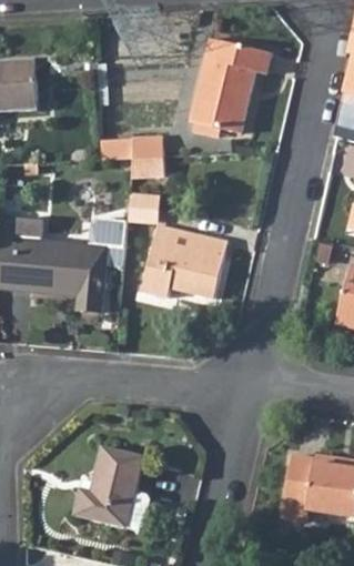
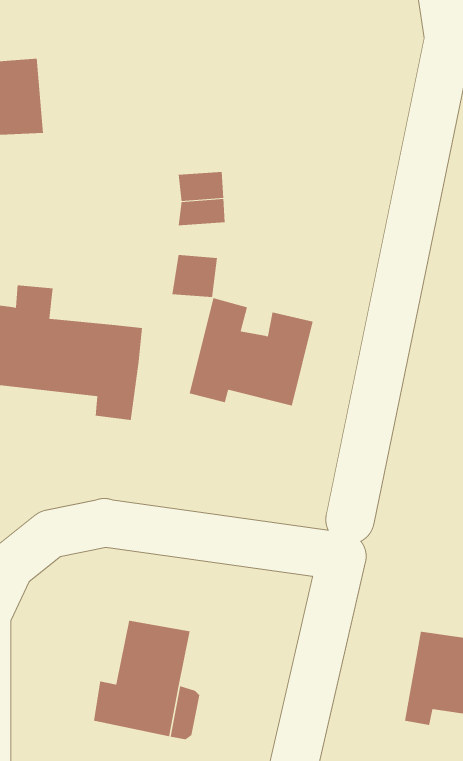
building: [192,36,272,132] -> none
building: [90,219,129,269] -> none

